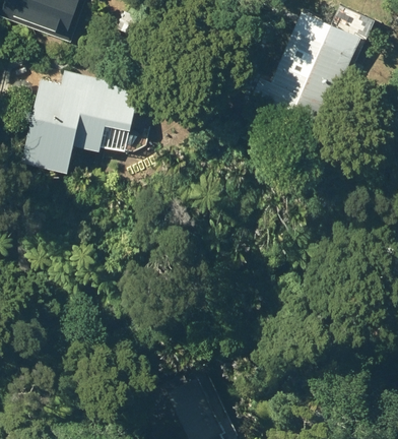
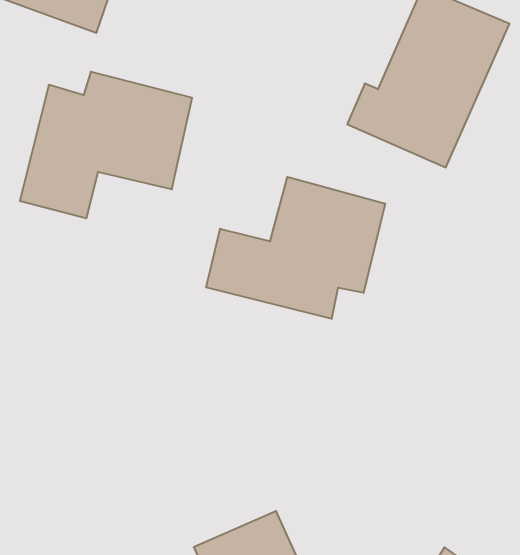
building: none -> [206,177,385,319]

